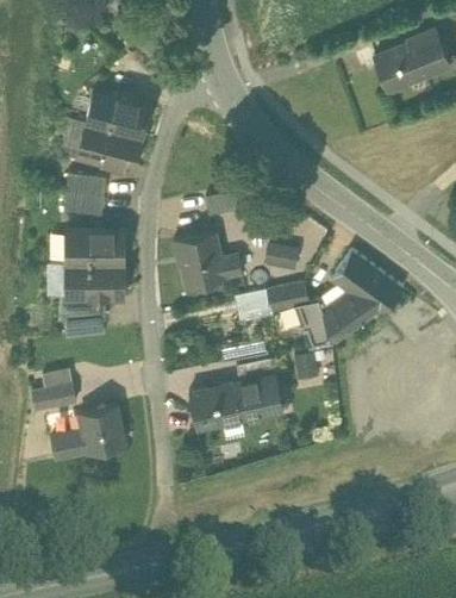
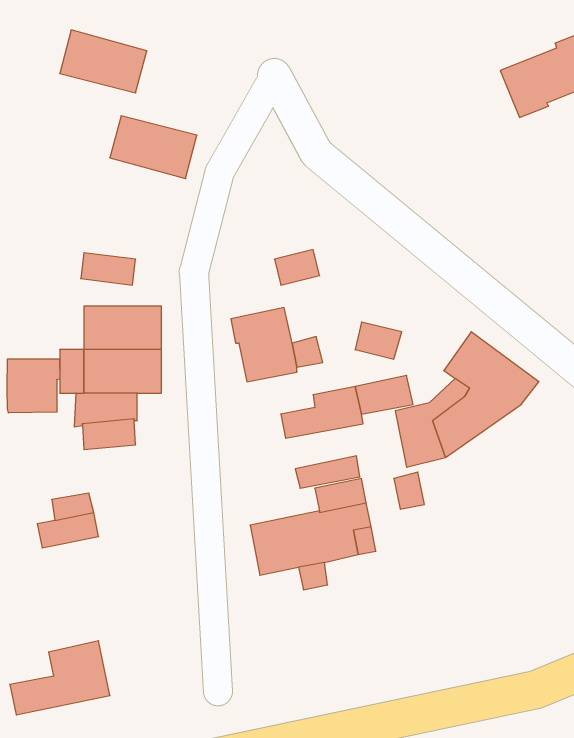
building: [76,122,140,168] -> [60,30,147,93]
building: [65,173,106,197] -> none
building: none -> [7,359,60,413]
building: [50,405,124,460] -> [10,641,110,715]

